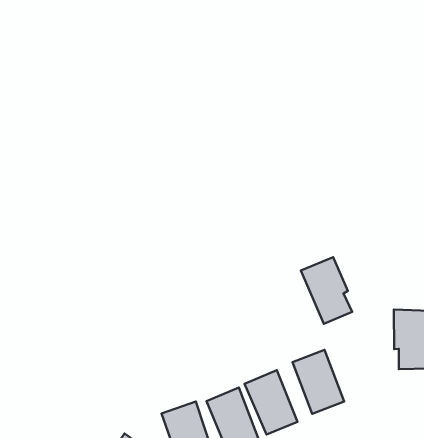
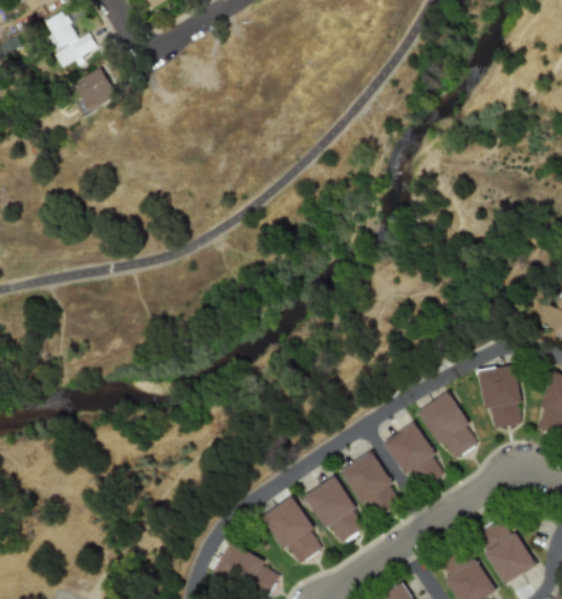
building: [301,257,352,324] -> [418,392,478,460]

